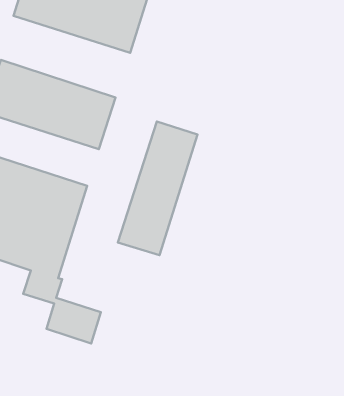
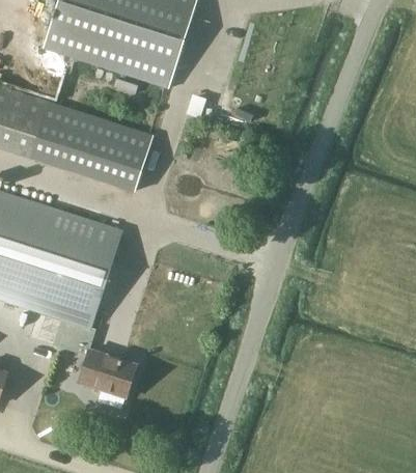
building: [118,121,197,255] -> none

